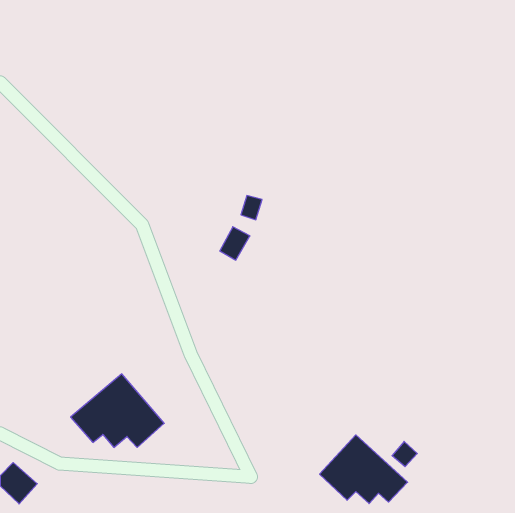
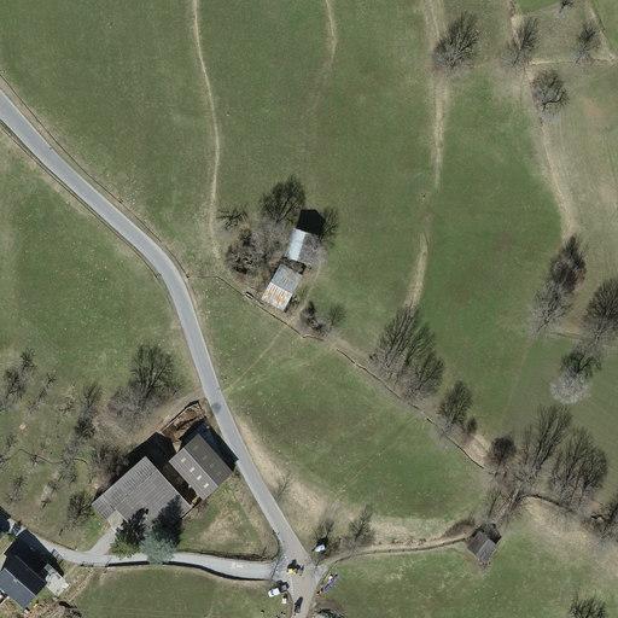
building: none -> [167,432,234,500]
building: [320,435,408,504] -> none

